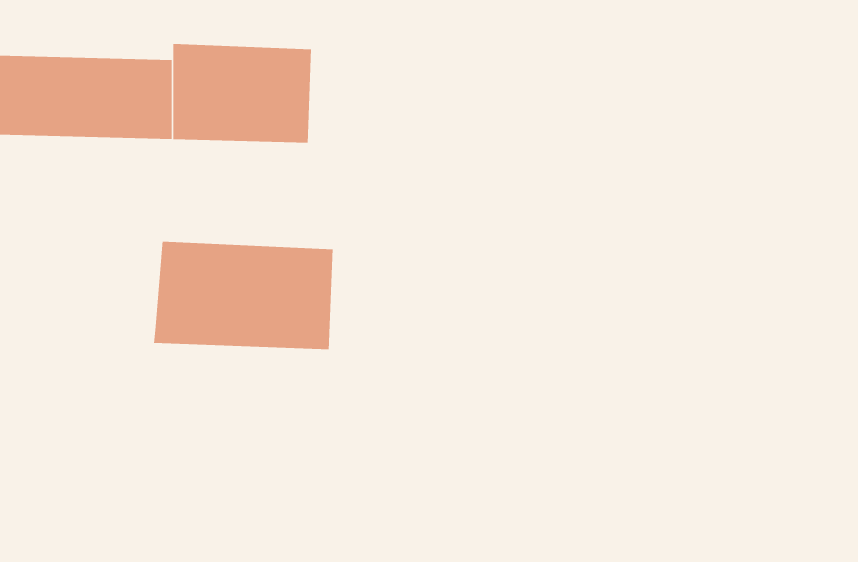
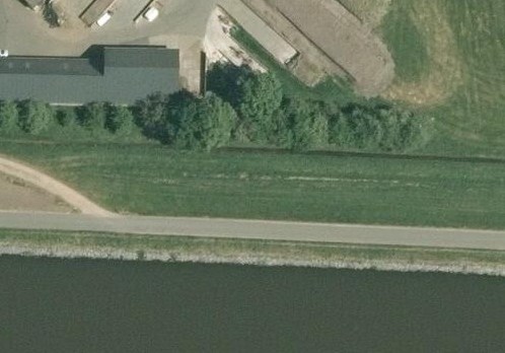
building: [153,241,333,350] -> none

